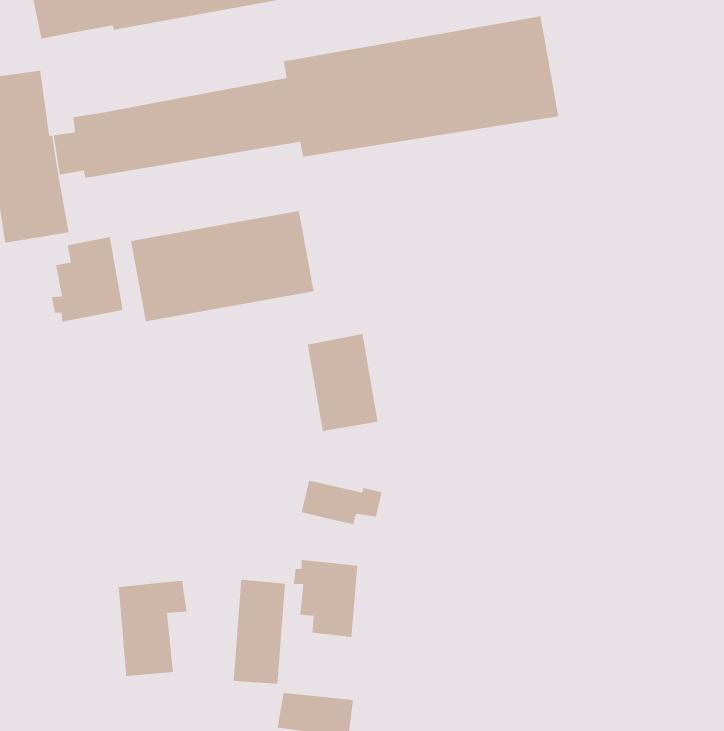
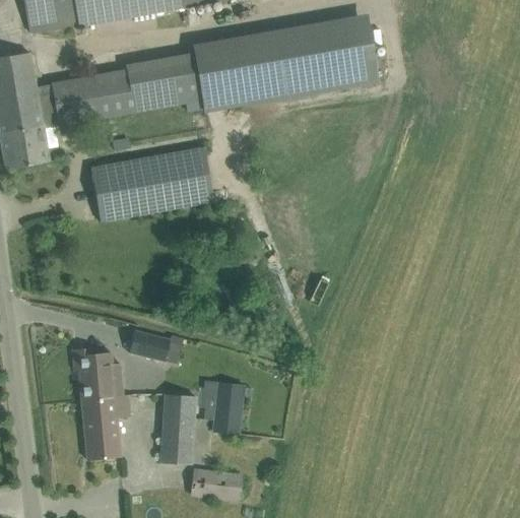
building: [51,236,123,322] -> none
building: [307,333,379,432] -> none
building: [301,480,383,525] -> [129,328,184,359]
building: none -> [73,346,124,398]

